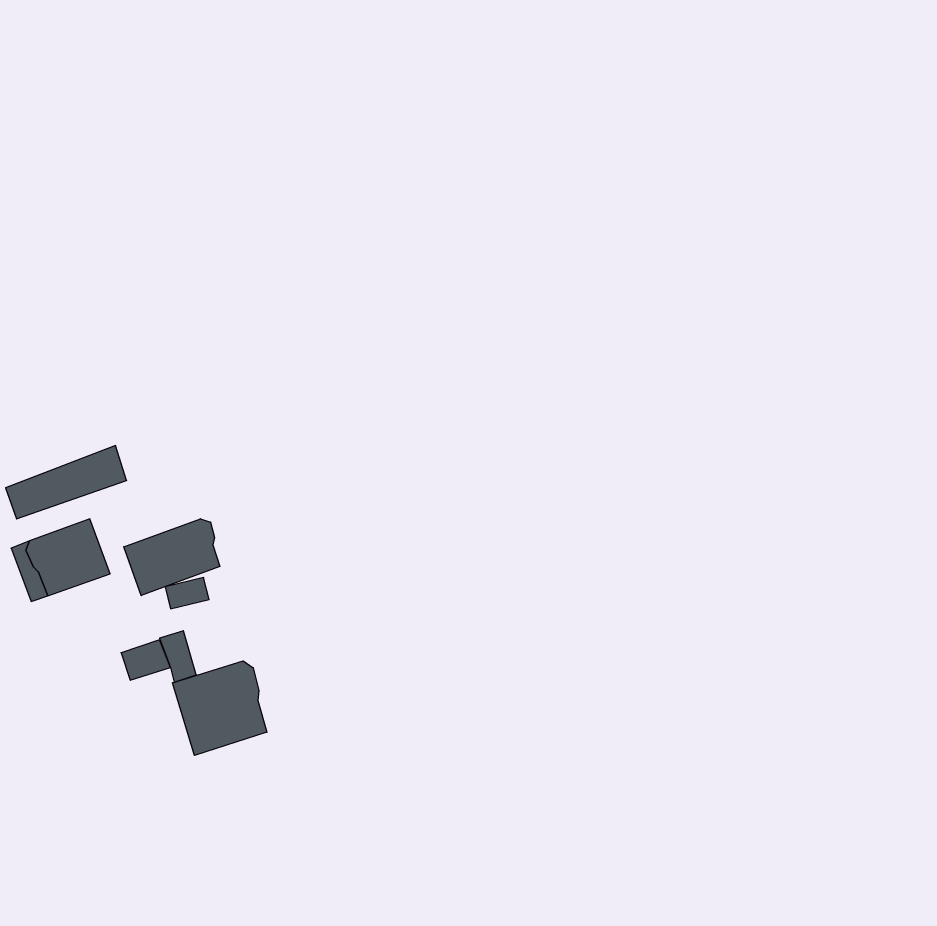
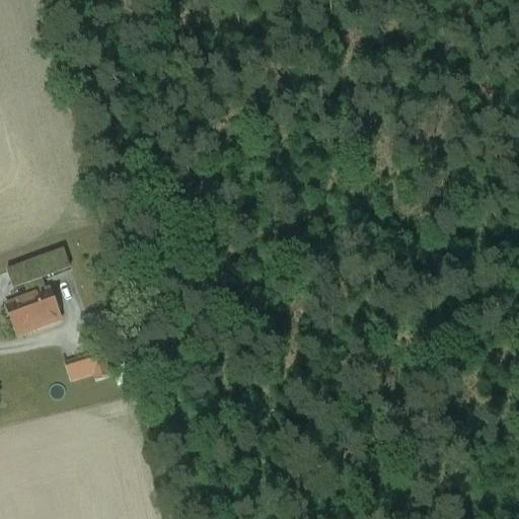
building: [124,519,220,596] -> none
building: [172,661,267,755] -> none

